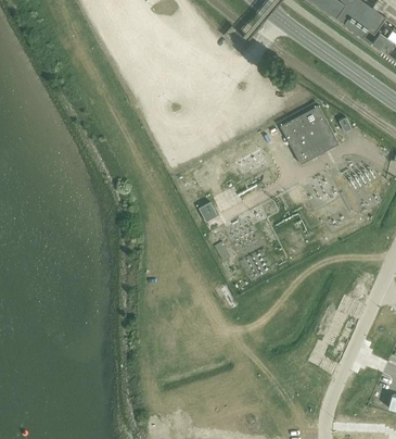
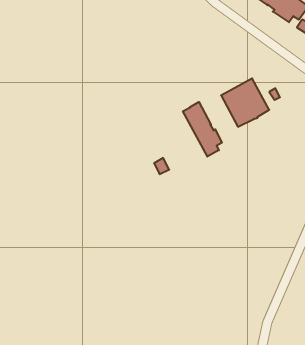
building: none -> [183,102,222,157]

